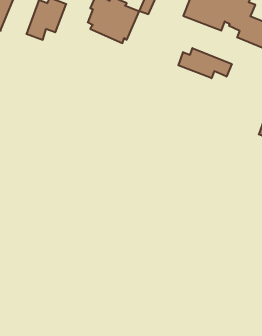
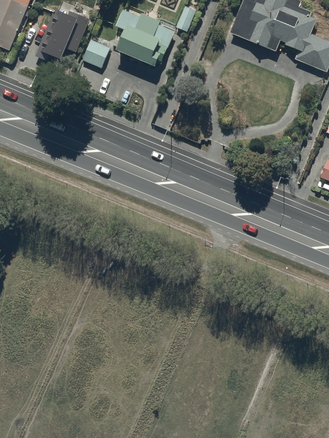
building: none -> [82,39,110,67]
building: [178,48,232,78] -> none

